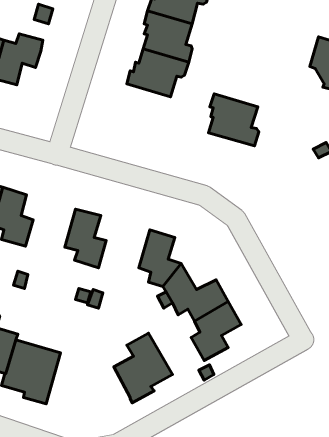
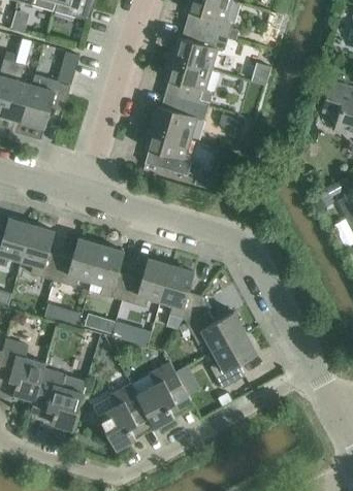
building: [209,94,259,146] -> [145,126,192,175]
building: none -> [54,237,101,287]
building: none -> [123,258,171,306]
building: none -> [98,383,153,450]

